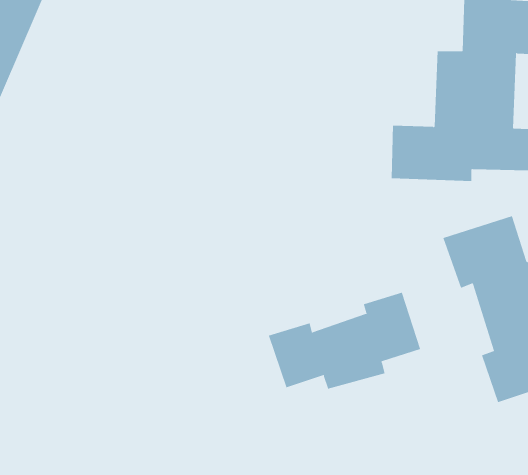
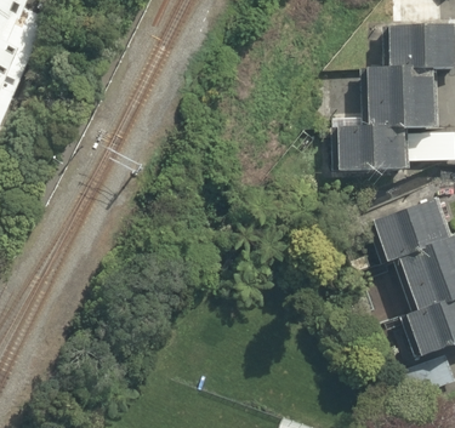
building: [268,292,421,389] -> none

